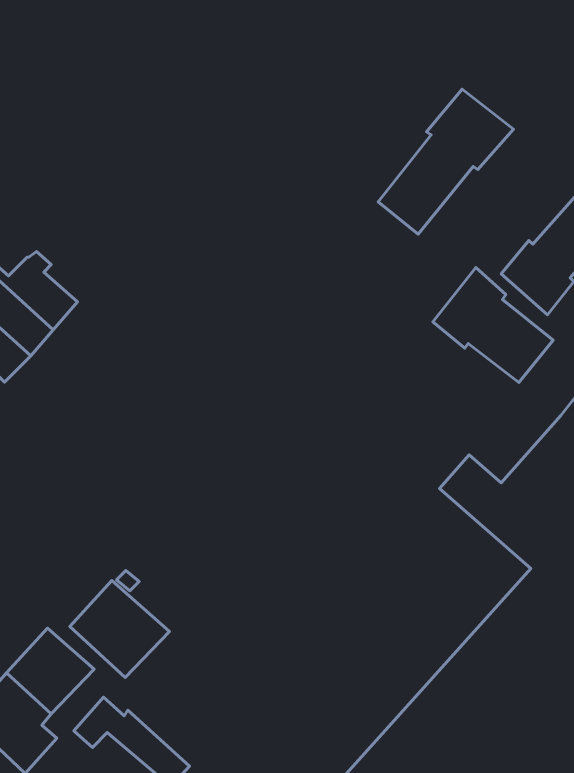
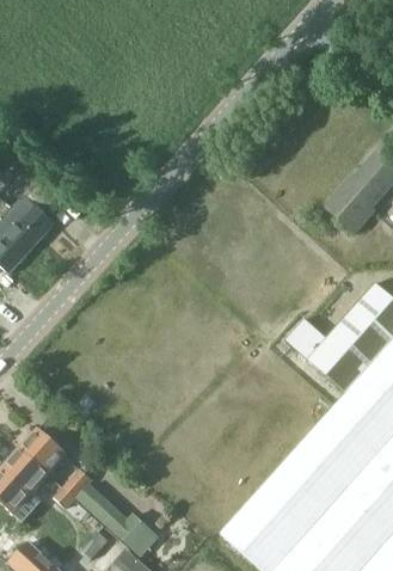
building: [378,89,513,234] -> none
building: [433,268,553,382] -> none
building: [70,581,169,677] -> none

